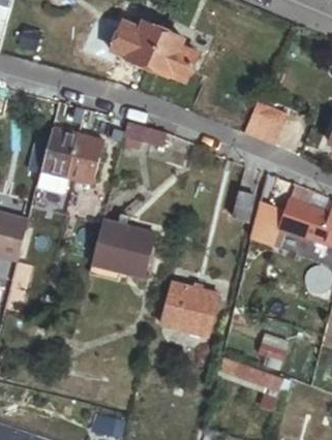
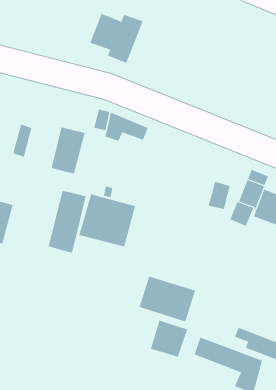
building: [145,26,200,81] -> none
building: [244,96,290,142] -> none
building: [35,130,76,196] -> [48,190,86,253]
building: none -> [150,320,188,358]

